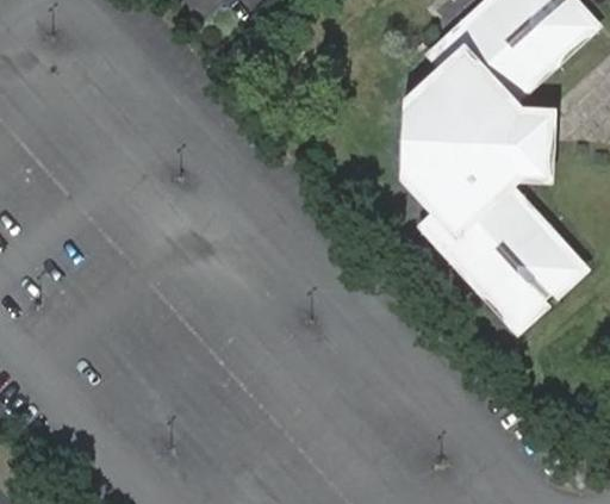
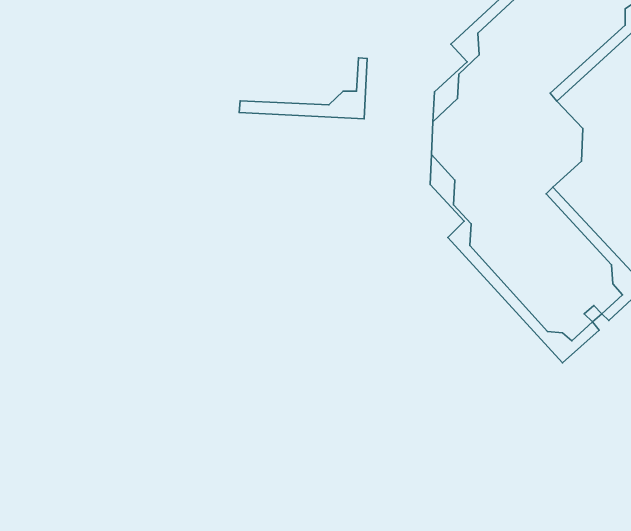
building: none -> [239,58,367,119]
building: [509,107,556,183] -> none

